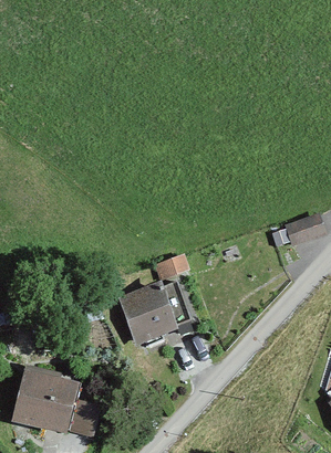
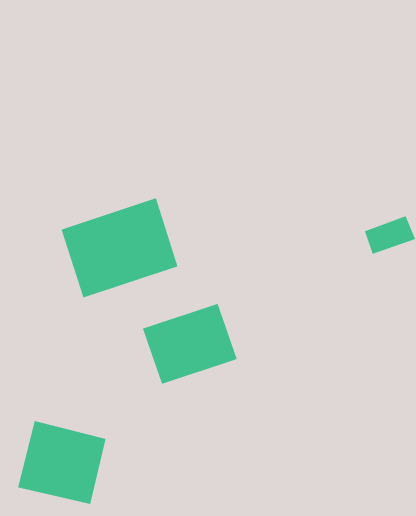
building: none -> [61,197,178,299]

